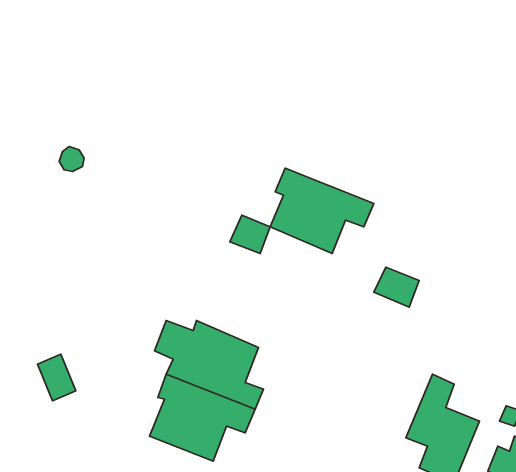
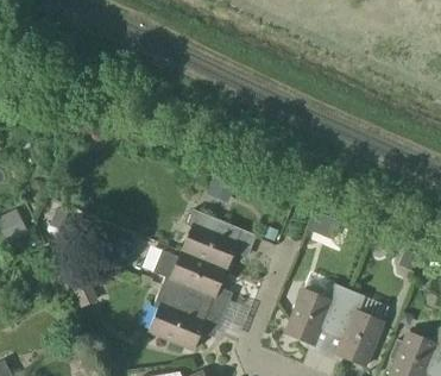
building: [270,168,374,254] -> [182,208,256,269]
building: none -> [285,282,349,343]

